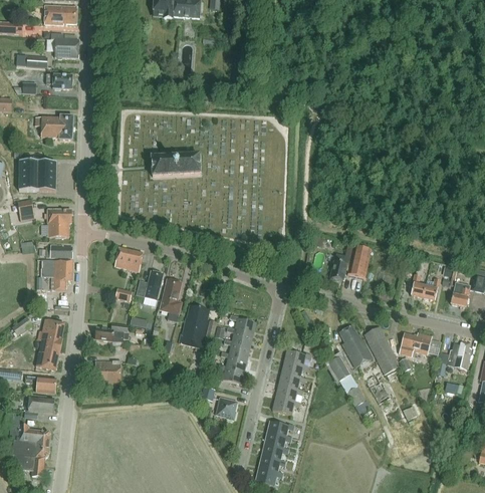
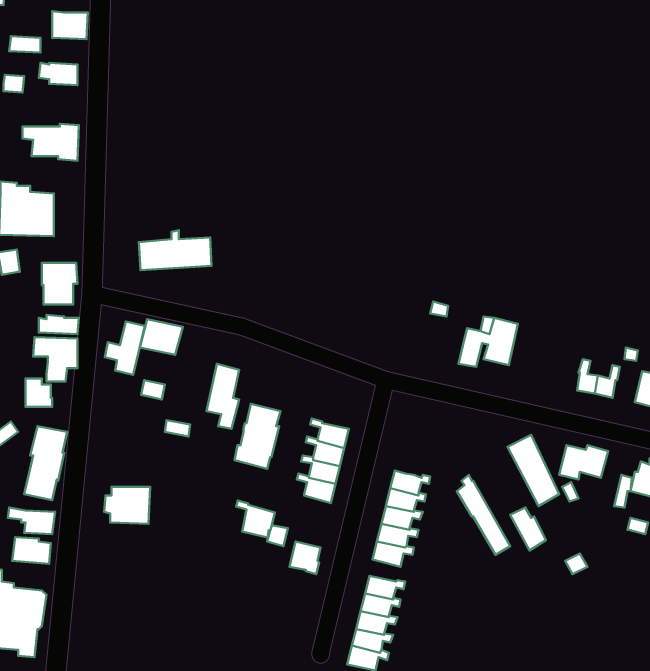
building: [151,149,200,176] -> [139,230,212,270]
building: [137,270,164,306] -> [105,321,145,375]
building: [95,324,128,341] -> none
building: [339,324,373,367] -> none
building: [218,363,244,389] -> [236,500,275,538]

